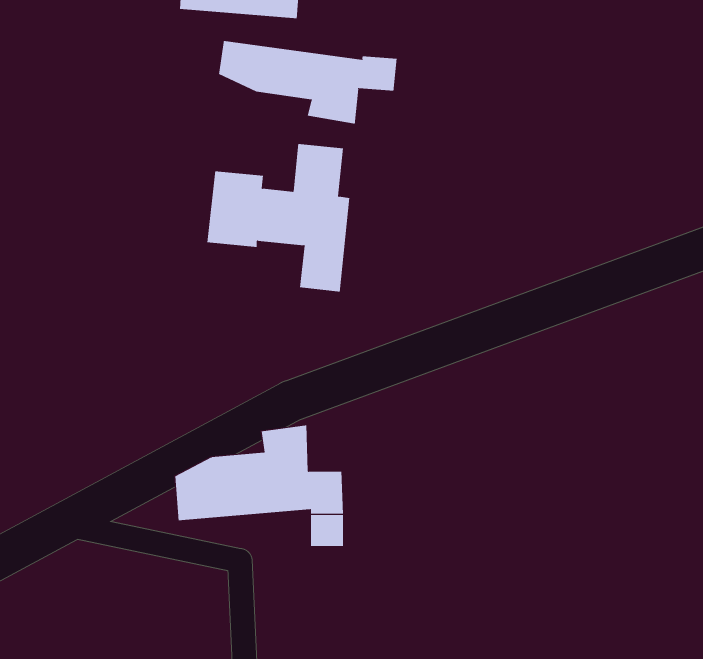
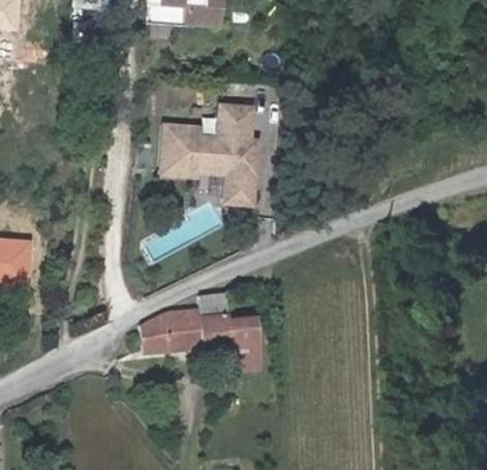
building: [218,40,397,125] -> none

